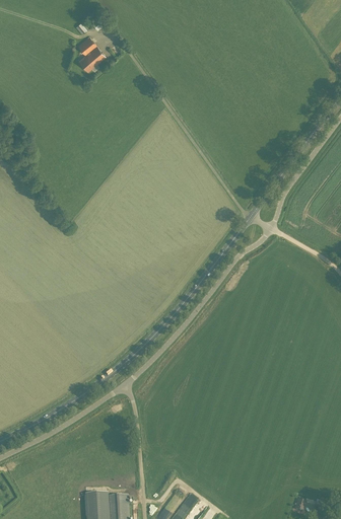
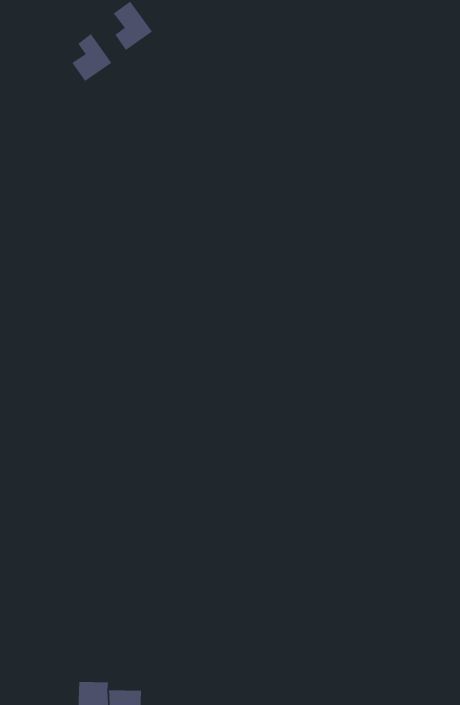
building: none -> [71,33,112,82]

